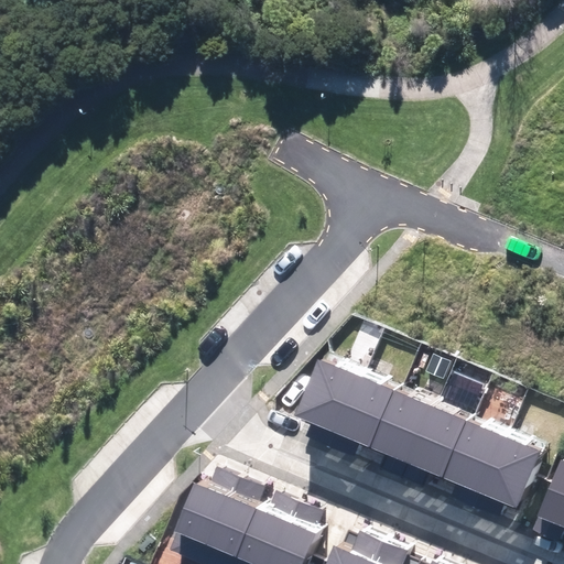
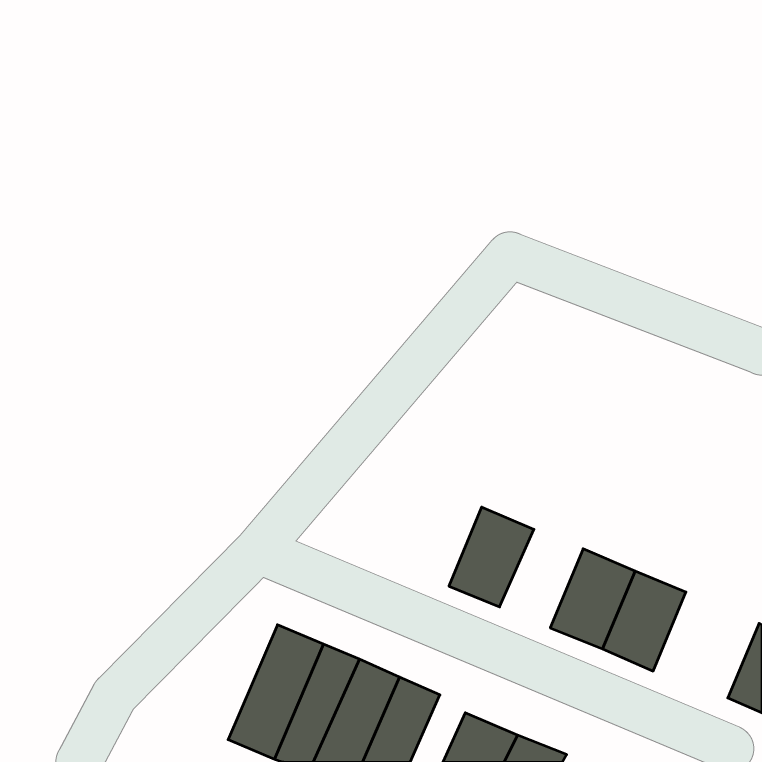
building: [294,359,356,433] -> none
building: [369,391,431,464] -> none
building: [482,437,541,509] -> none

